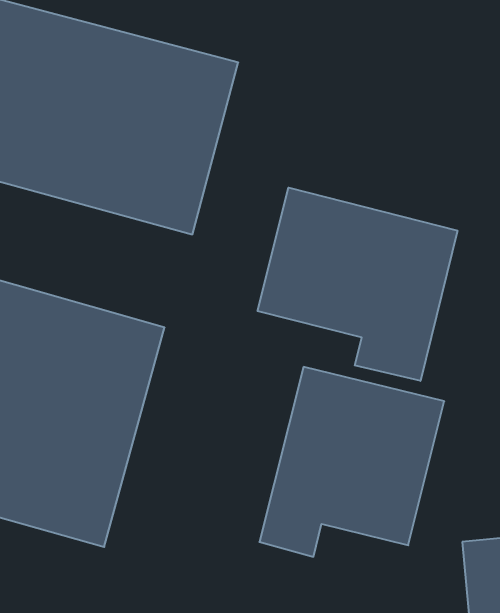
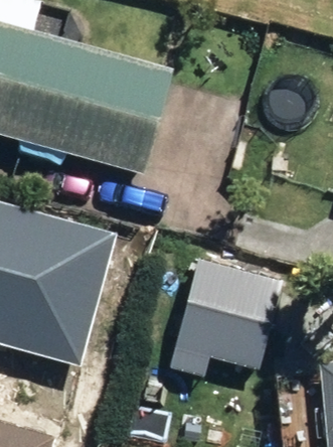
building: [258,188,457,381] -> none

